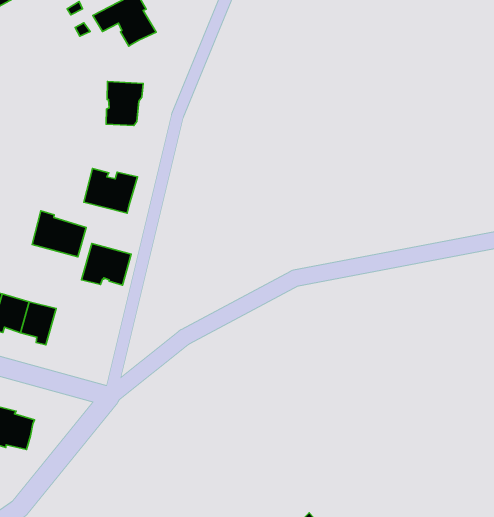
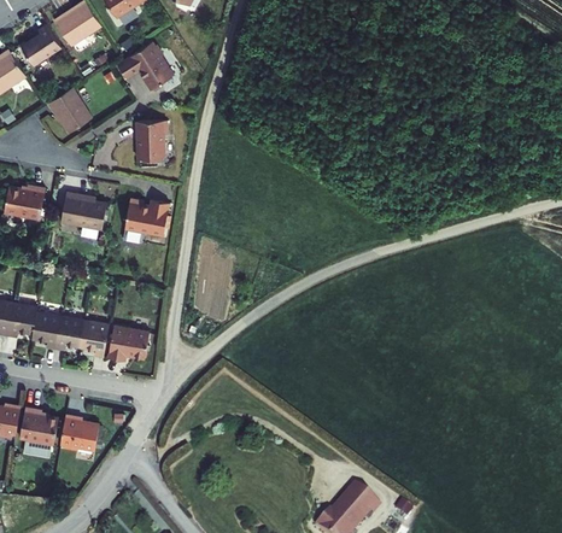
building: none -> [47,88,92,133]
building: [32,211,86,257] -> [60,193,106,230]
building: [82,244,131,285] -> [107,326,148,361]

